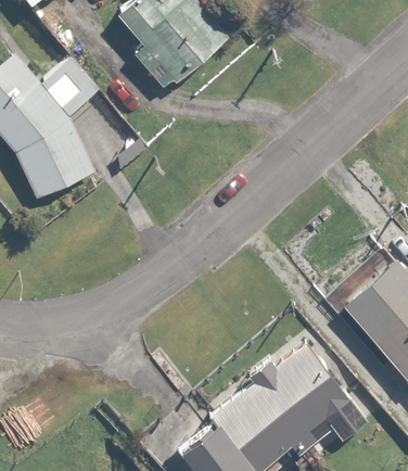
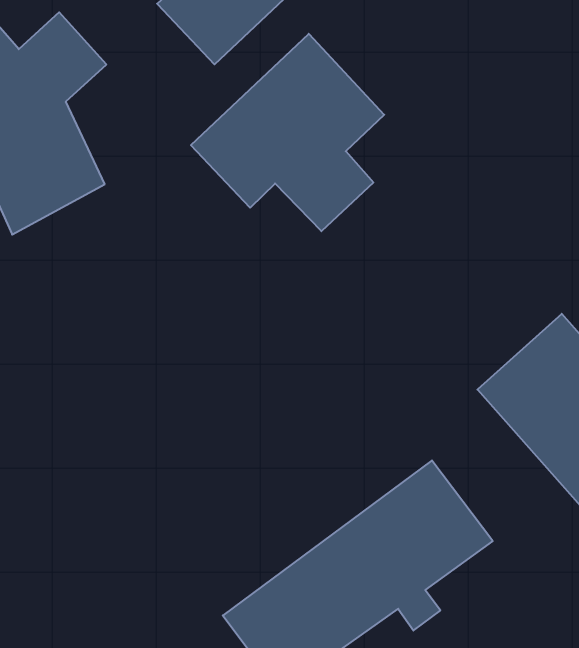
building: none -> [191,34,384,231]

